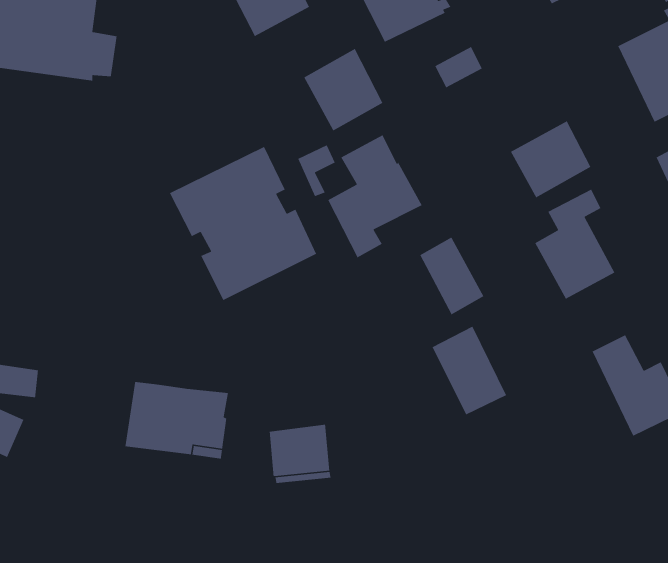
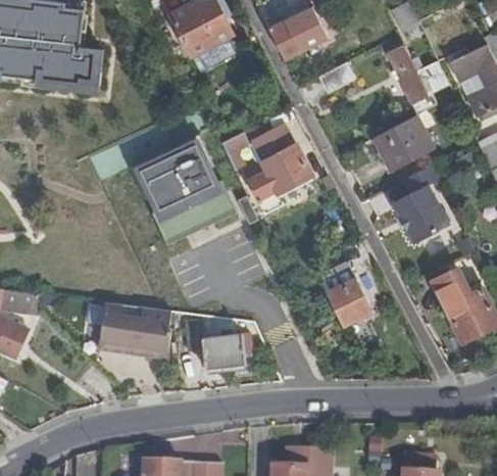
building: none -> [388,45,449,113]
building: [303,48,384,131] -> none
building: [419,236,485,315] -> none

